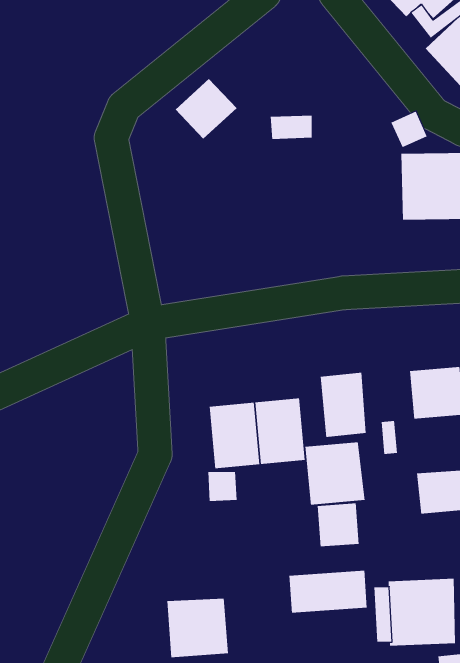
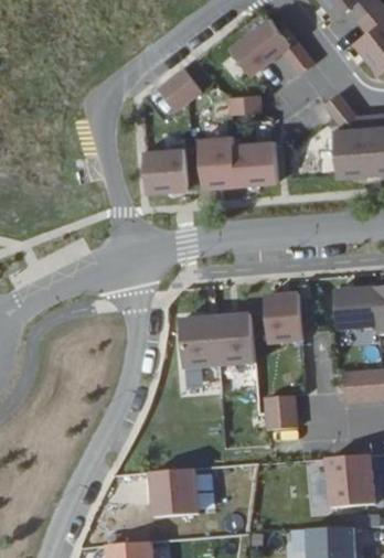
building: none -> [224,10,310,75]
building: none -> [195,133,277,186]
building: none -> [146,148,189,194]
building: [305,442,365,505] -> none
building: [289,570,367,613] -> none

